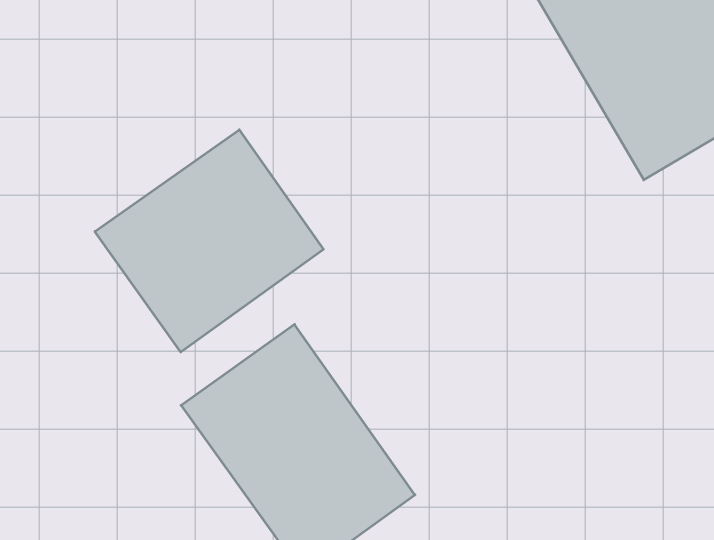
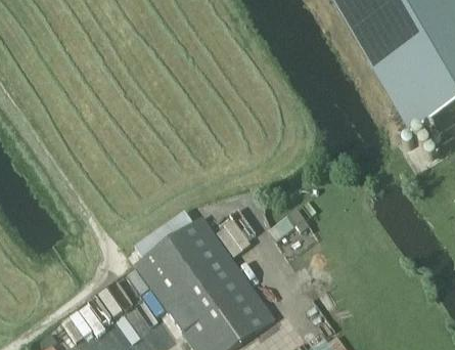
building: [95,130,323,352] -> none

